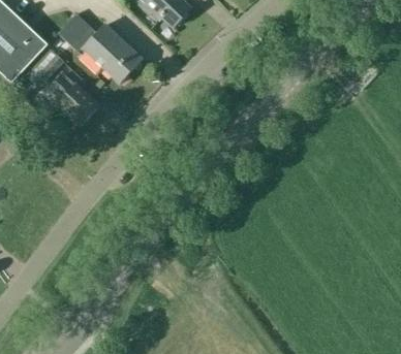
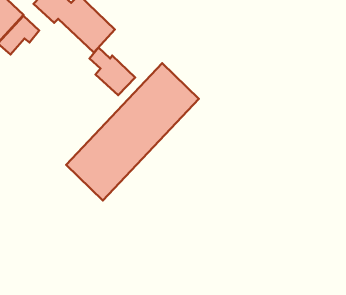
building: [50,73,97,123] -> [89,48,135,95]
building: none -> [66,63,199,201]

